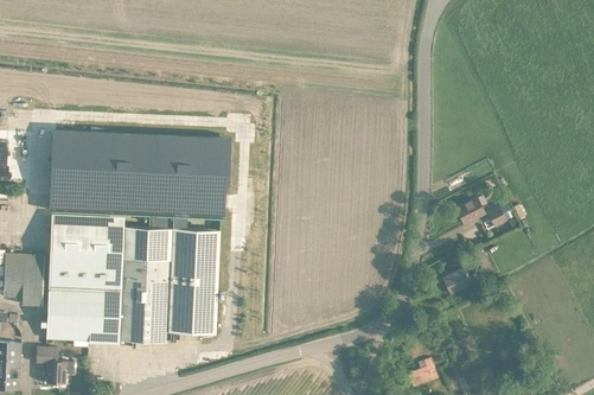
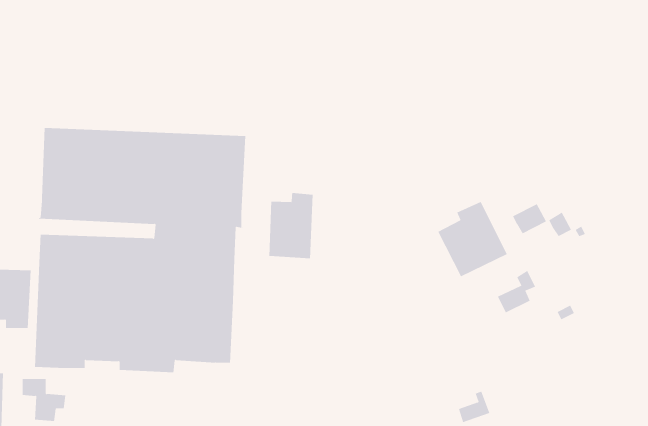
building: none -> [269,192,313,259]
building: none -> [437,201,507,277]

